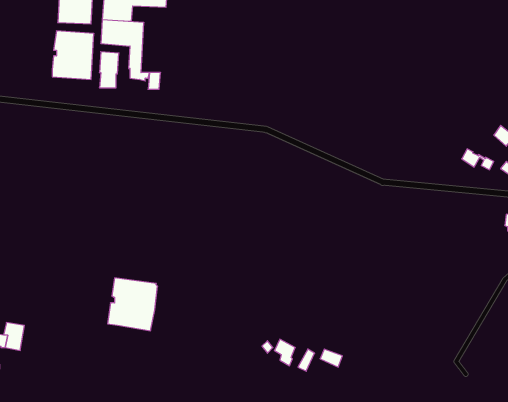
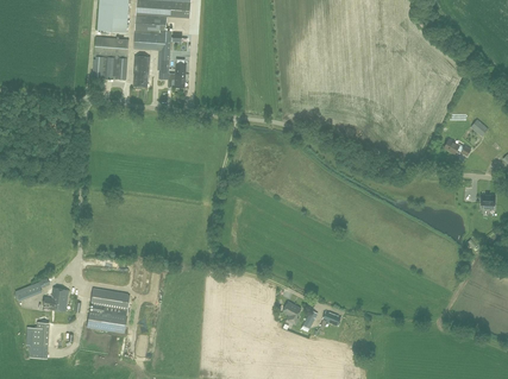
building: [108,278,158,331] -> [87,288,130,333]

